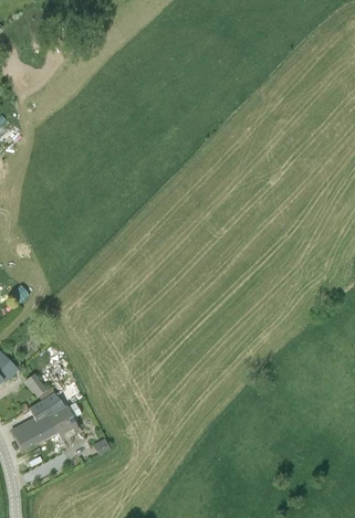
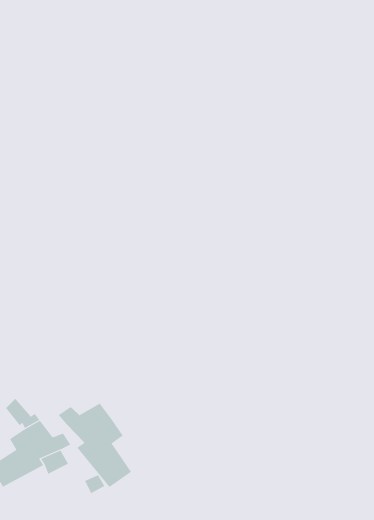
building: none -> [58,403,132,488]

